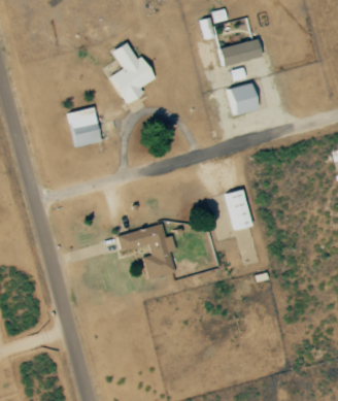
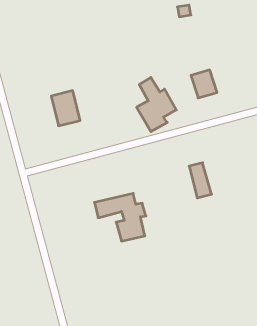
building: [219,38,262,66] -> none
building: [109,42,155,104] -> [137,77,176,132]

